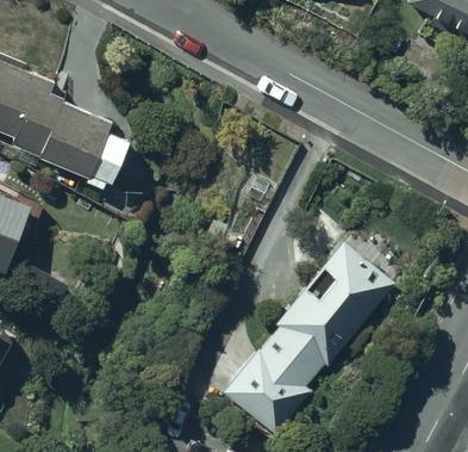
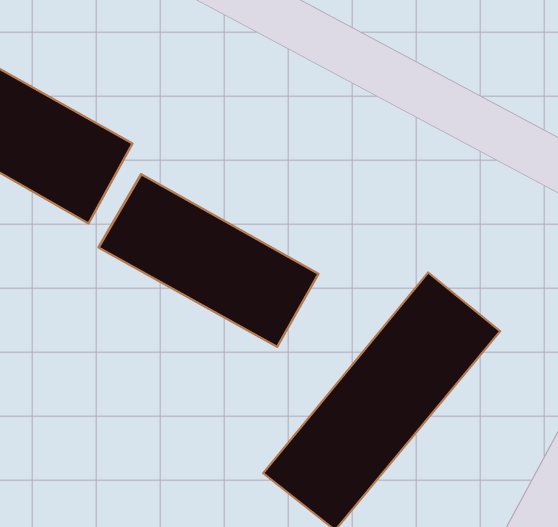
building: none -> [99,174,318,347]

